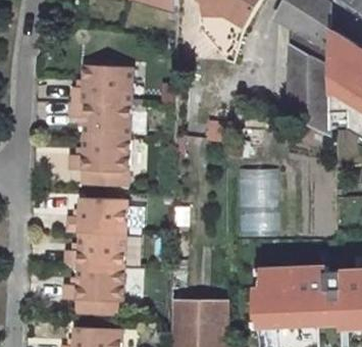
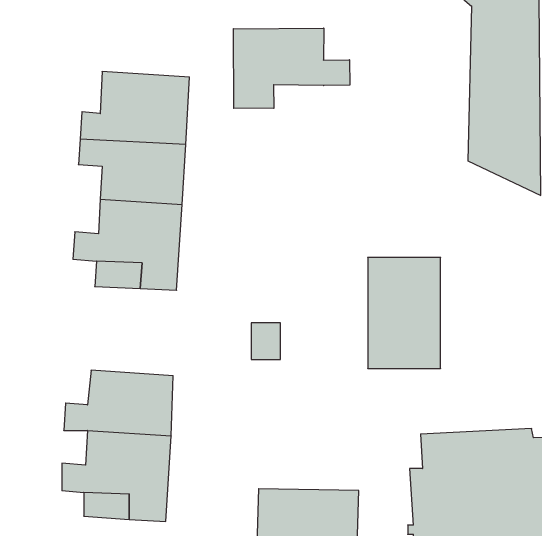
building: none -> [233,28,350,108]
building: [64,198,125,236] -> none

